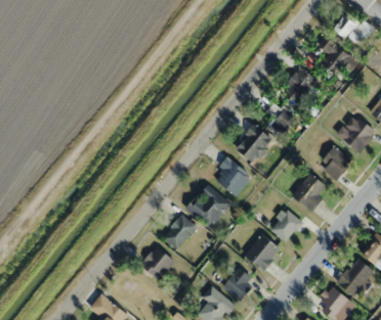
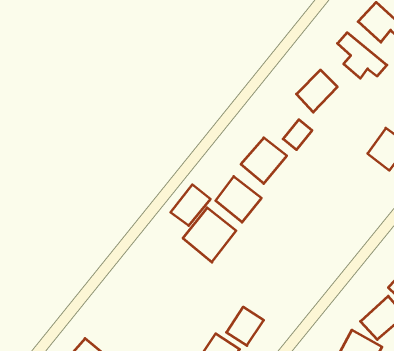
building: [318,146,352,181] -> none
building: [292,173,326,213] -> none
building: [269,209,302,242] -> none
building: [162,215,196,249] -> [171,185,210,226]
building: [244,234,281,271] -> none
building: [140,246,174,280] -> none

